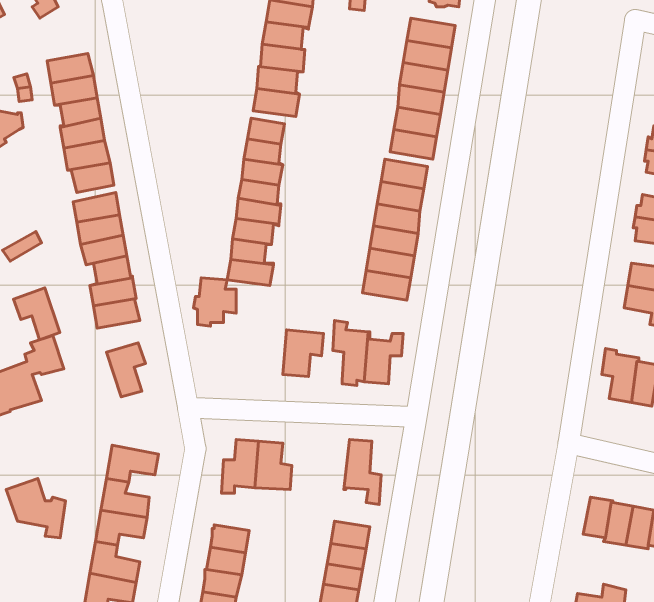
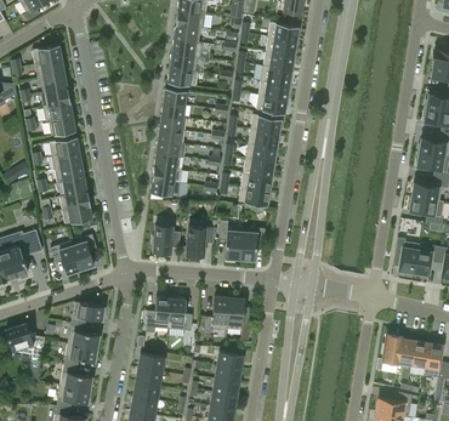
building: [194,278,236,326] -> [150,224,178,256]
building: [13,288,60,340] -> [50,240,80,274]
building: none -> [204,296,229,331]

